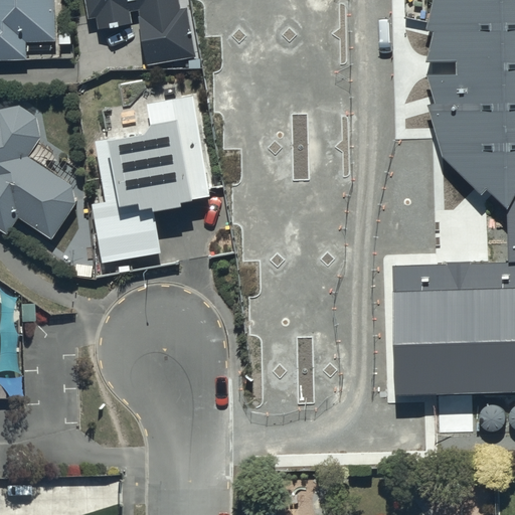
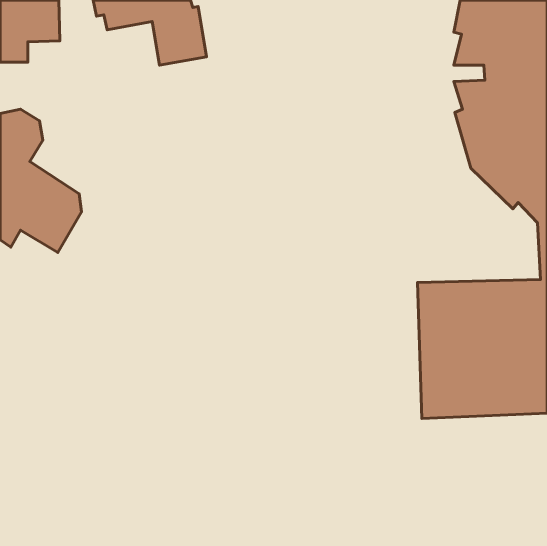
building: [93,94,211,261] -> none

